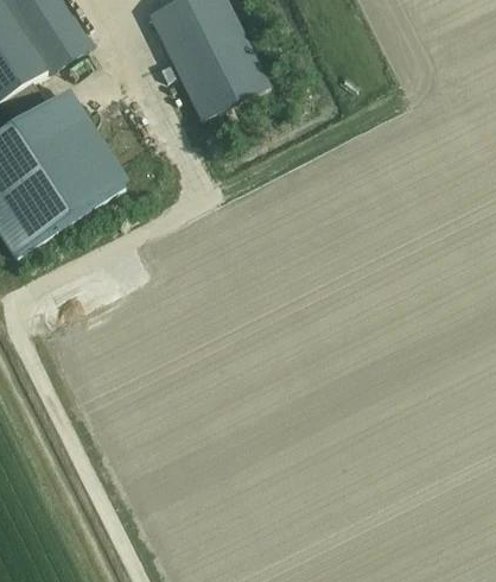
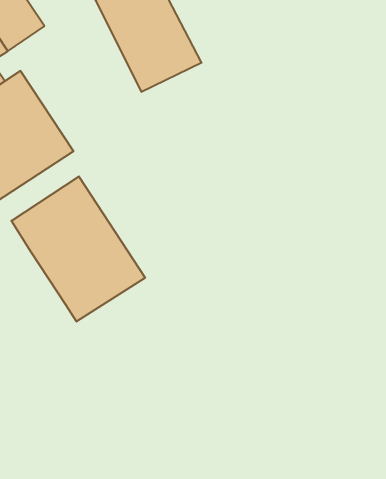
building: none -> [11,176,145,322]

